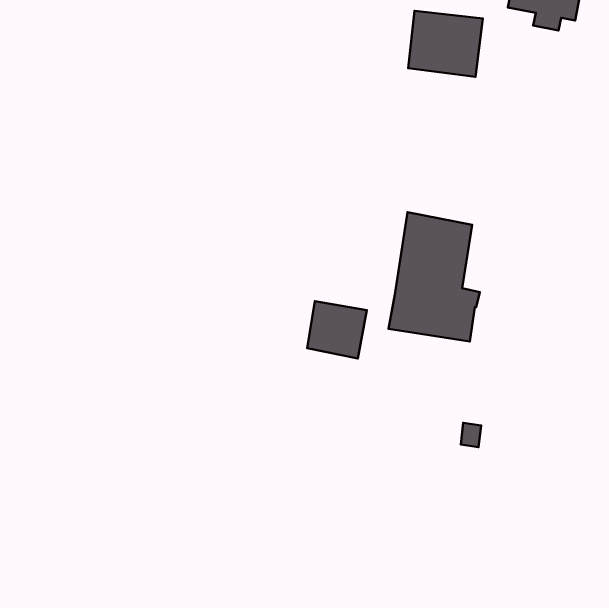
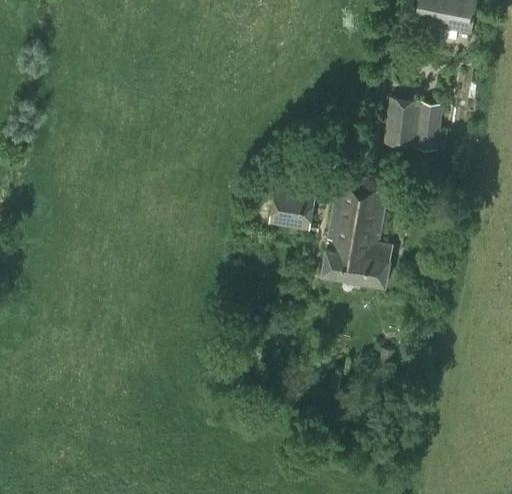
building: [408,11,483,77] -> [384,97,443,149]
building: [307,301,367,358] -> [269,186,316,231]

